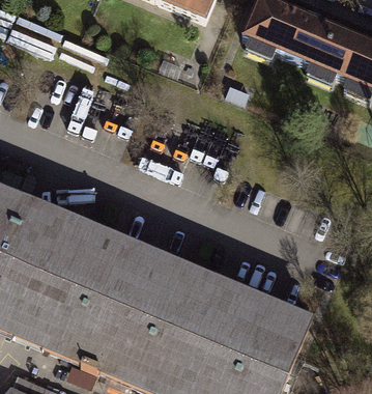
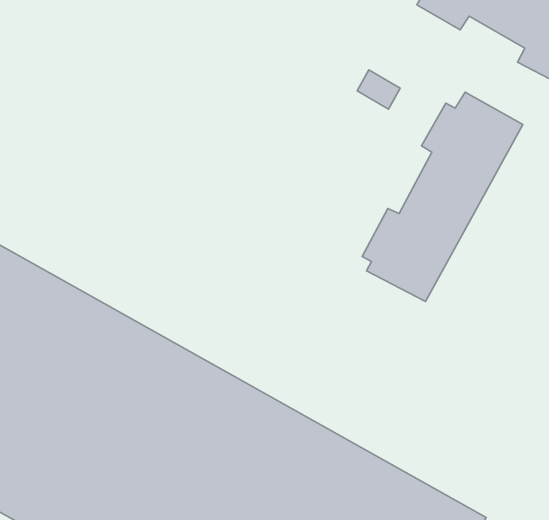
building: none -> [362,92,523,302]

